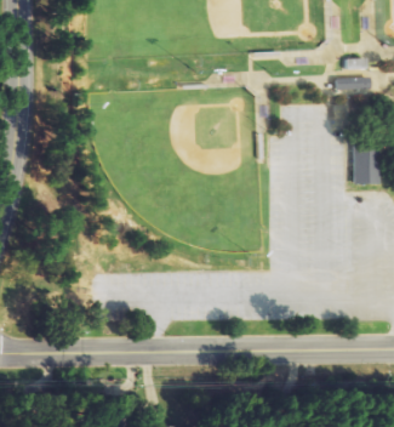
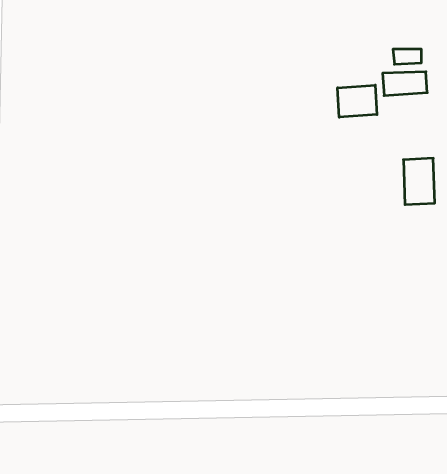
building: none -> [338,85,377,117]

